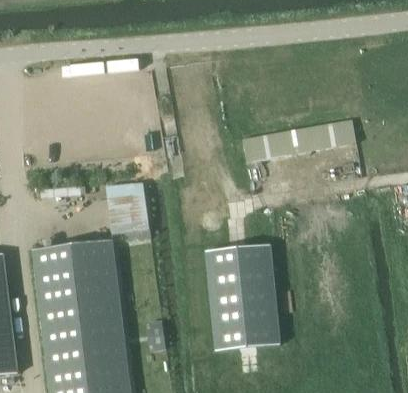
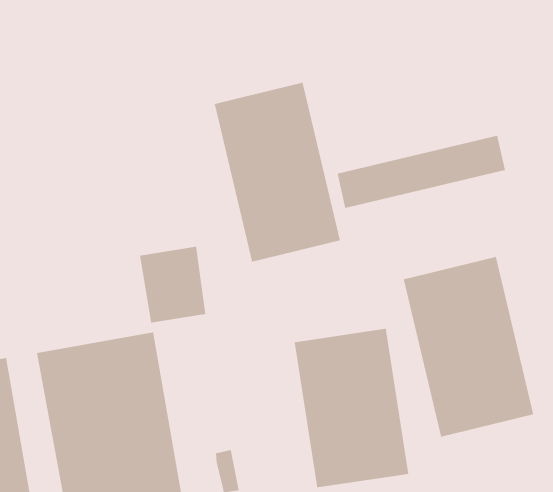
building: none -> [214,82,341,263]
building: none -> [403,256,534,438]

